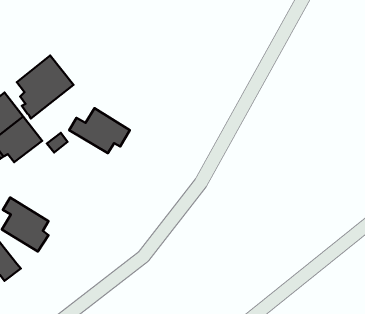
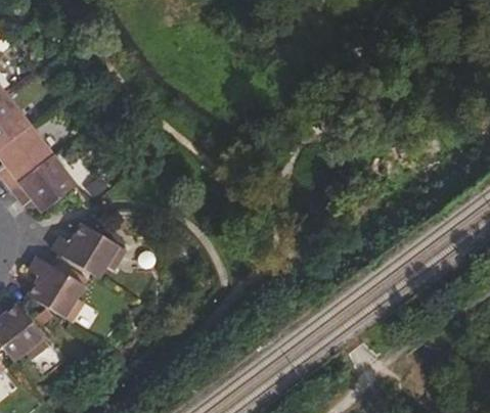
building: [17,56,73,118] -> none
building: [69,108,130,153] -> [50,222,126,278]

